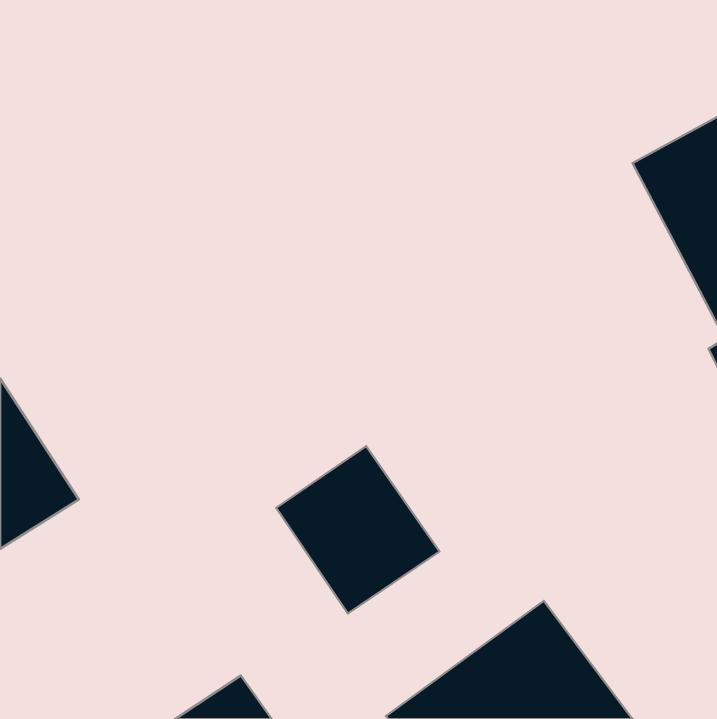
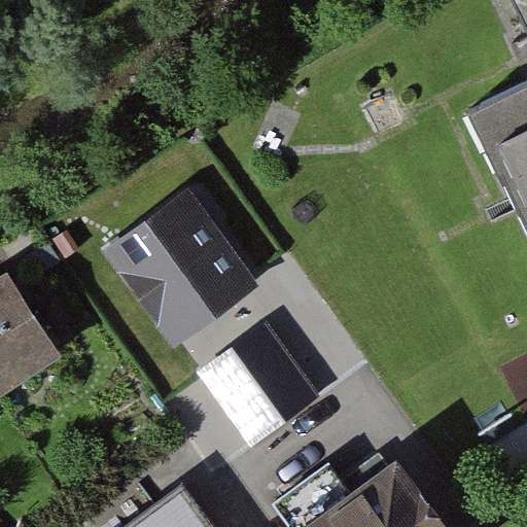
building: none -> [102,191,258,348]

